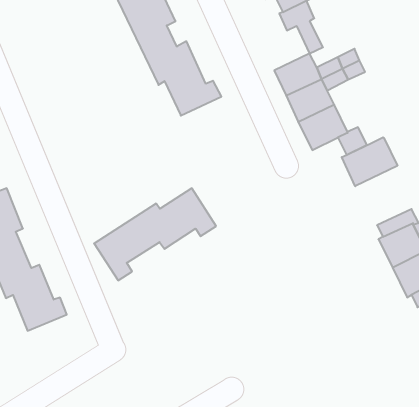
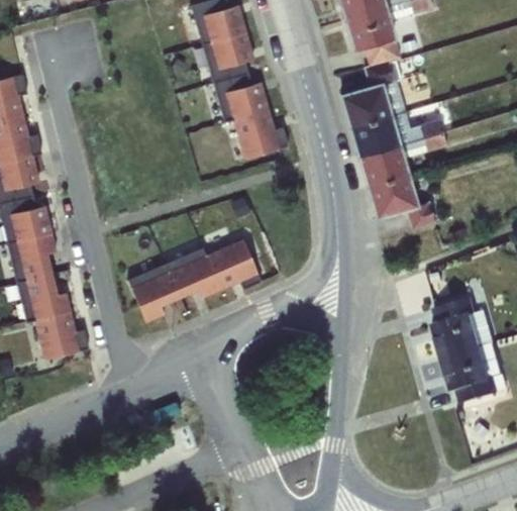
building: none -> [341,84,391,127]
building: [342,137,397,186] -> none

